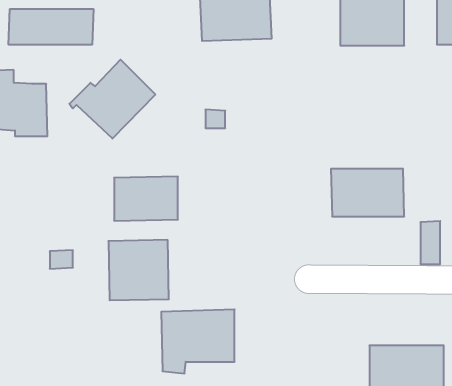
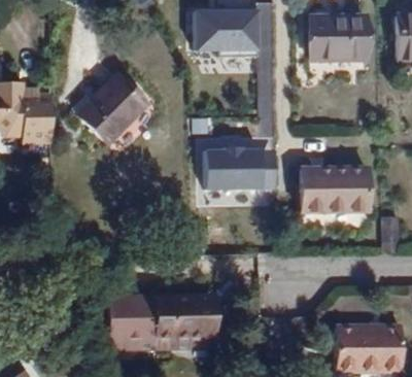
building: [9,9,93,45] -> none
building: [114,177,178,221] -> [202,150,259,190]
building: [108,240,169,300] -> [100,296,153,349]

